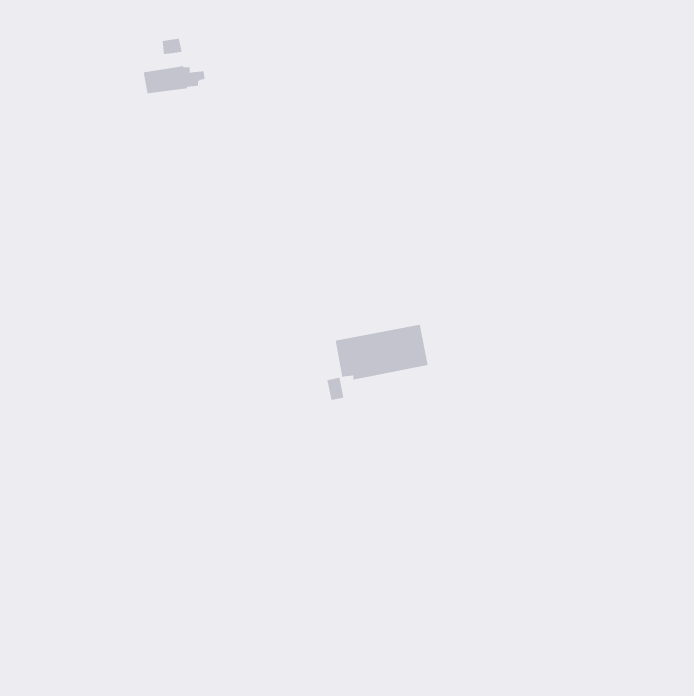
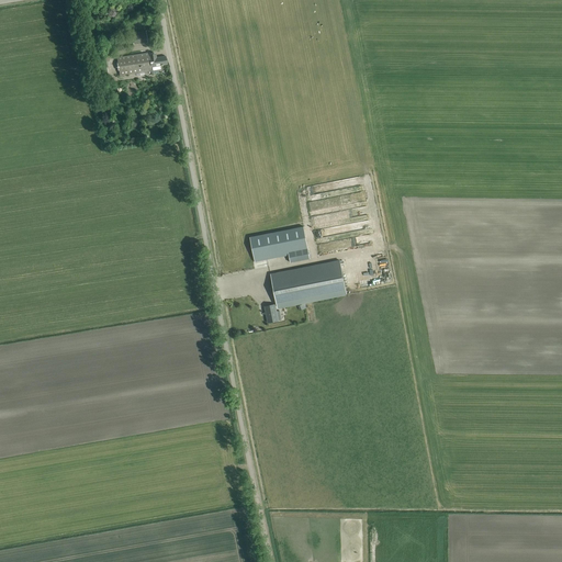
building: none -> [249,226,308,262]

